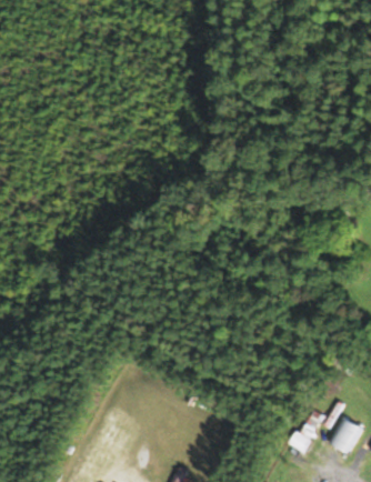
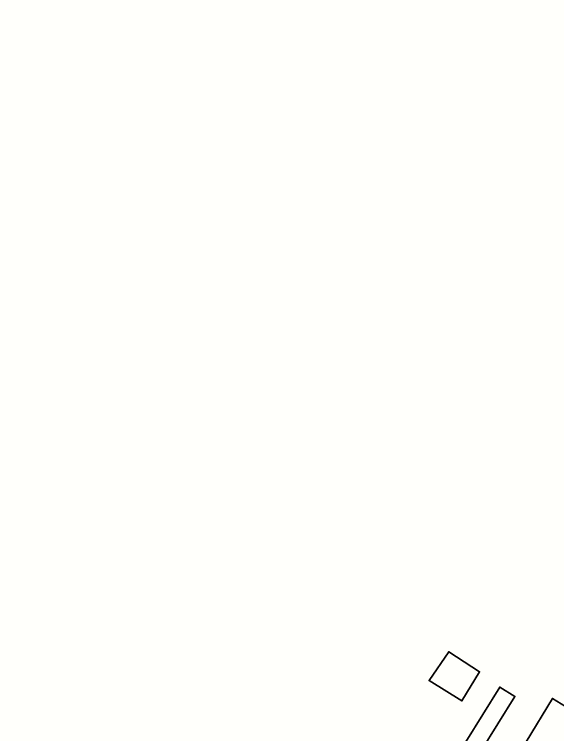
building: none -> [429,652,479,701]

